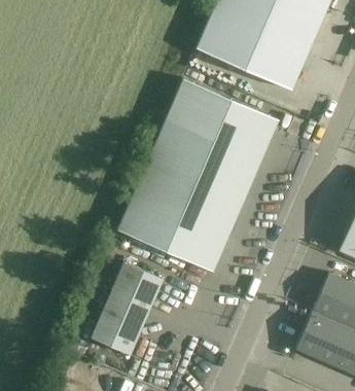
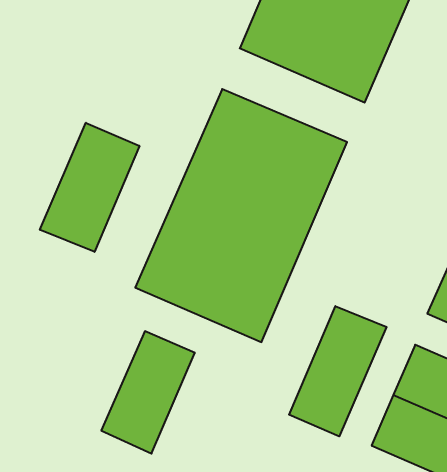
building: none -> [40,123,139,252]
building: none -> [289,306,387,436]

